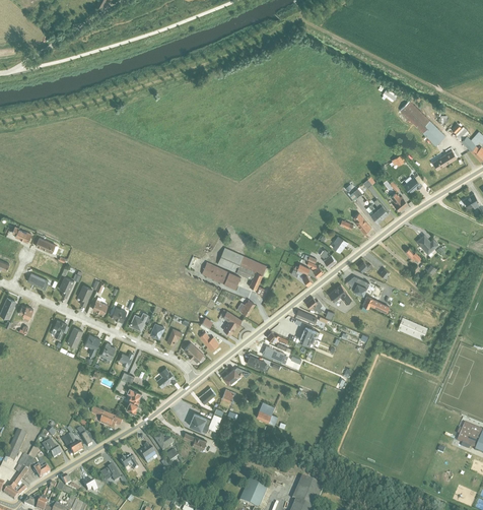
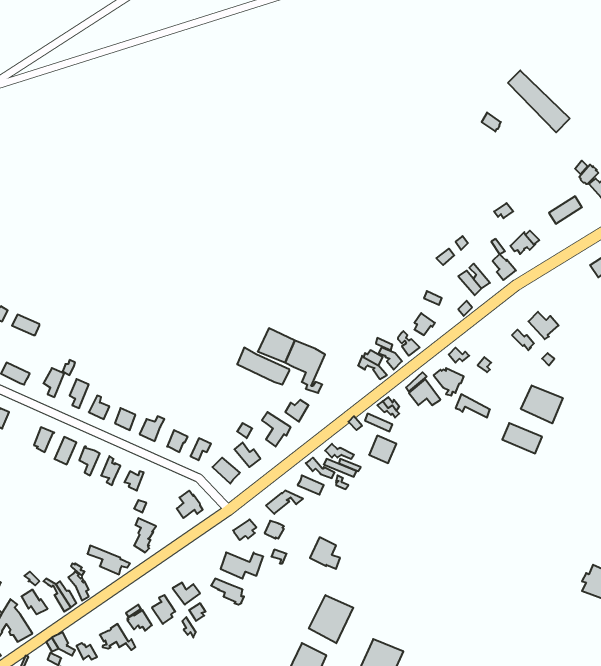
building: [399,101,444,146] -> [508,70,570,132]
building: none -> [521,385,563,423]
building: none -> [309,595,353,643]

